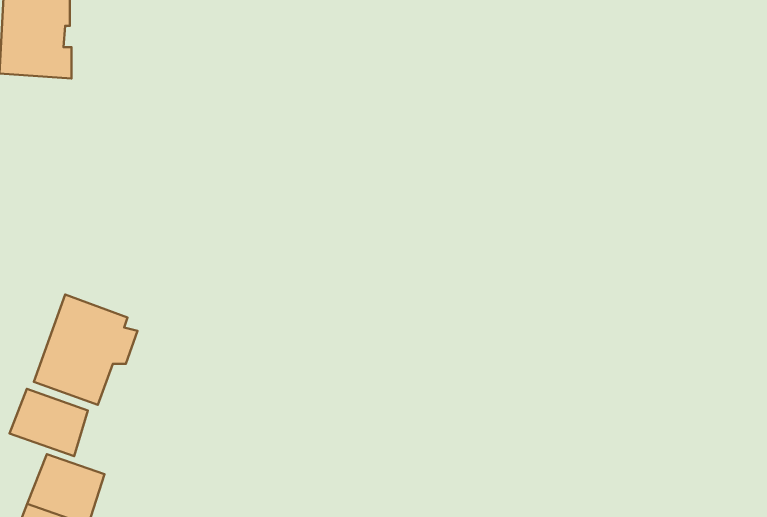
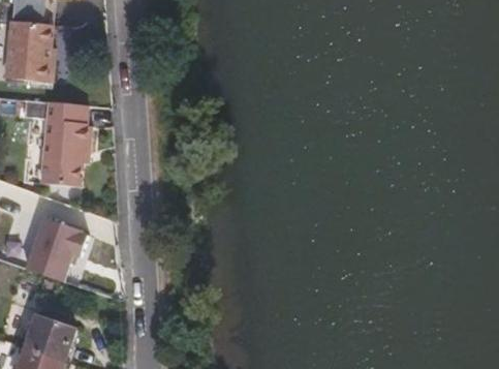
building: none -> [41,99,91,183]
building: [10,389,88,456] -> none

